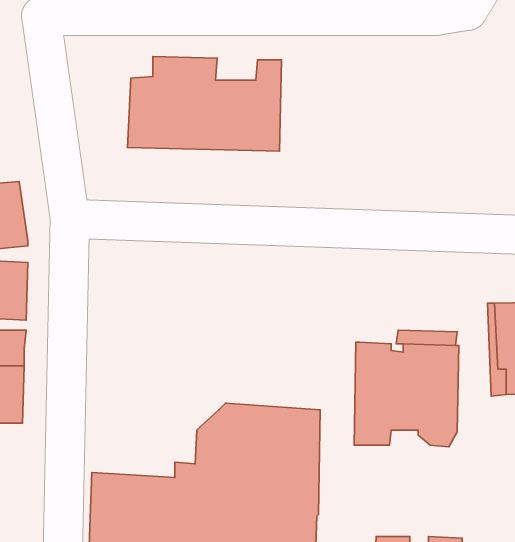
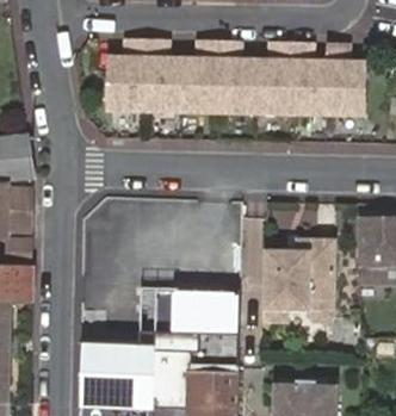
building: none -> [211,48,363,117]

